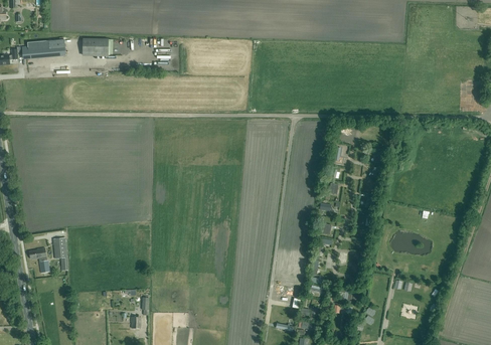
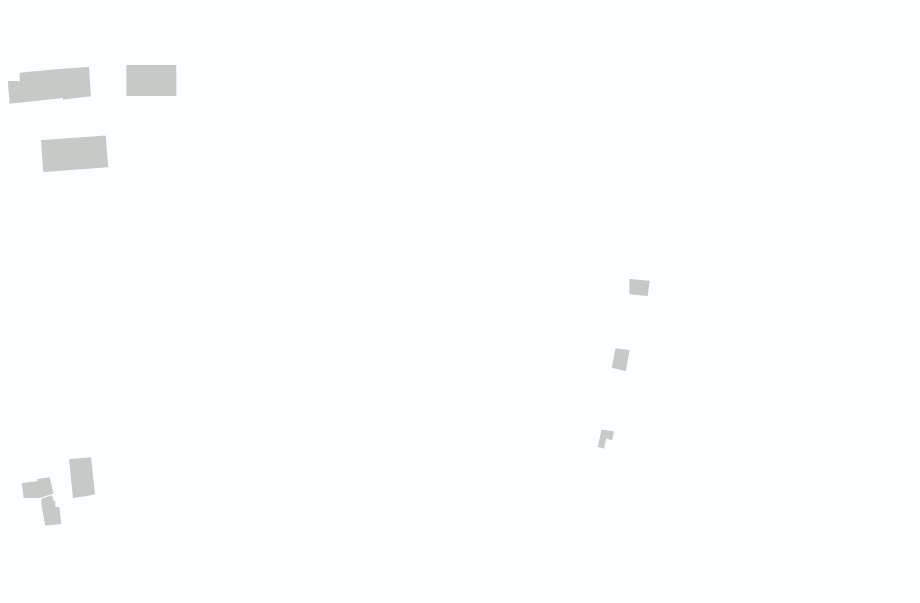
building: none -> [40,135,109,173]

